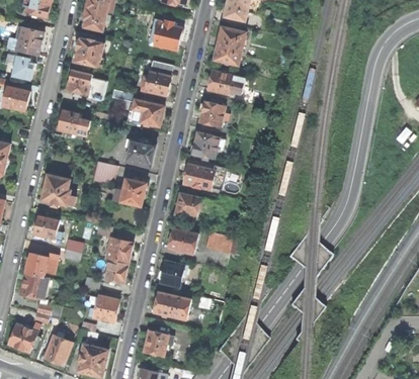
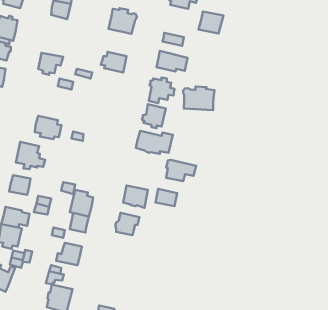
building: [216,26,245,53] -> [199,11,224,34]
building: [73,36,103,68] -> none
building: [132,99,164,126] -> none
building: [58,110,89,137] -> [35,116,61,139]
building: none -> [183,86,214,110]
building: [125,139,154,167] -> none
building: [113,176,146,206] -> none
building: [175,193,211,218] -> [166,160,196,181]
building: [153,291,190,318] -> none
building: [143,330,167,357] -> none
building: [44,331,72,366] -> none

